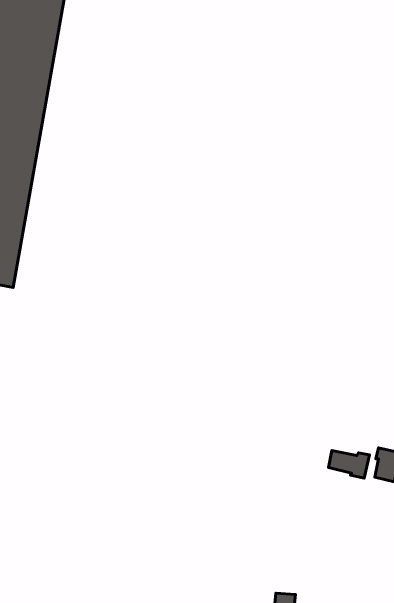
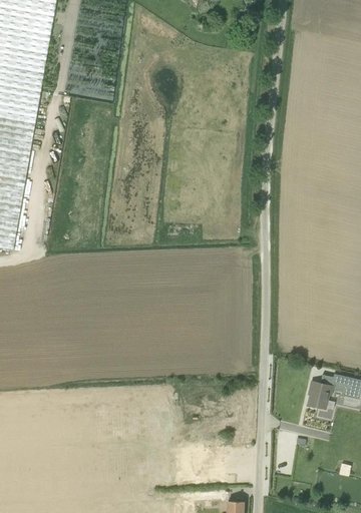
building: [329,450,370,478] -> none

